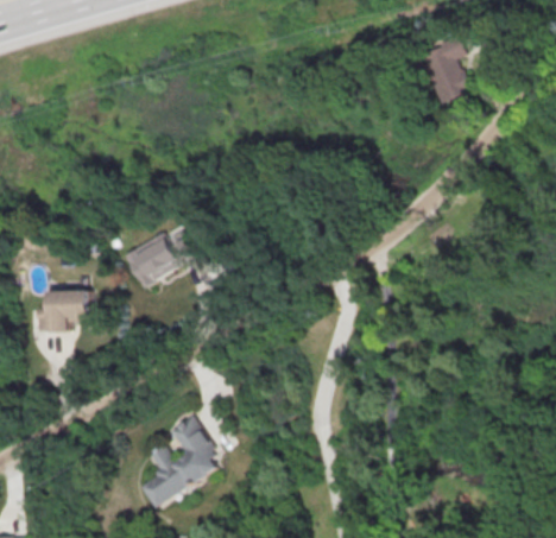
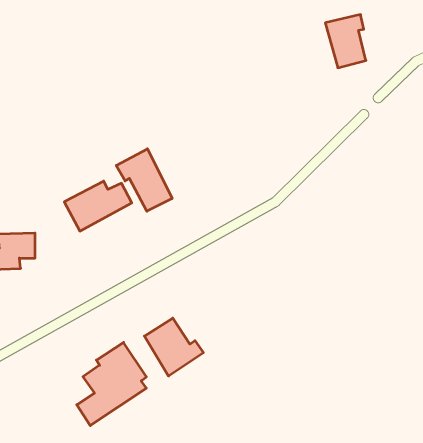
building: none -> [116,149,172,211]
building: none -> [144,318,203,376]

